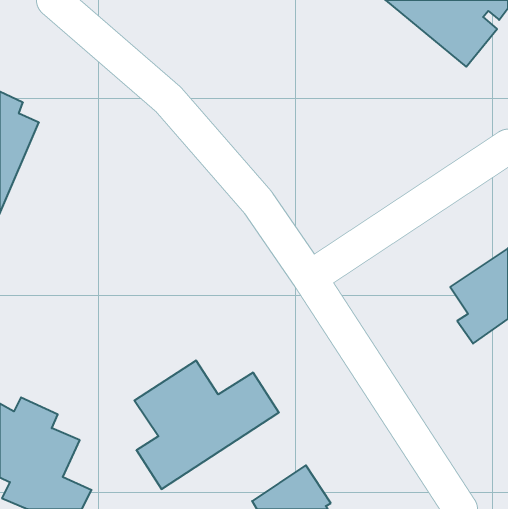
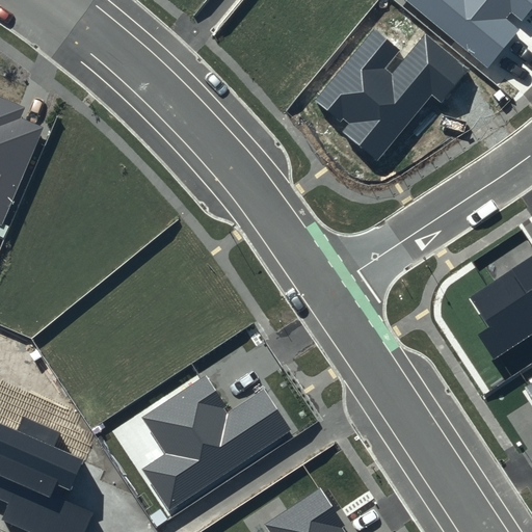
building: none -> [313,29,468,162]

